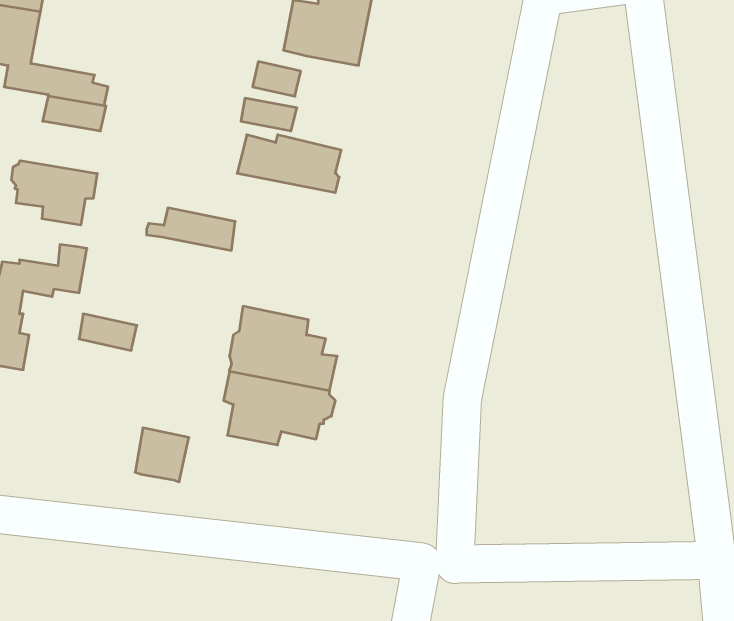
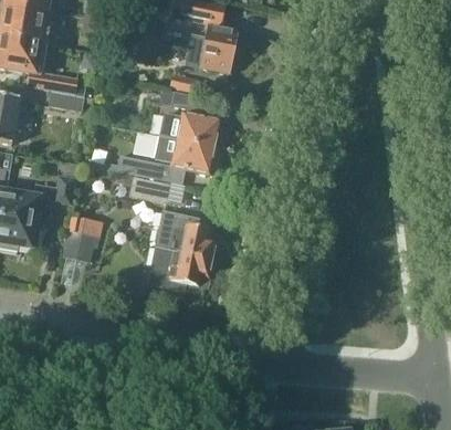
building: [12,161,97,225] -> none
building: none -> [156,135,217,172]
building: none -> [129,177,171,203]
building: [135,428,189,482] -> [64,230,95,261]

